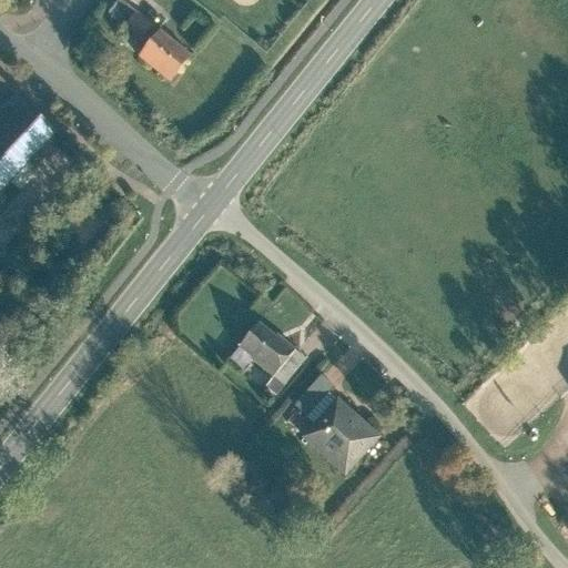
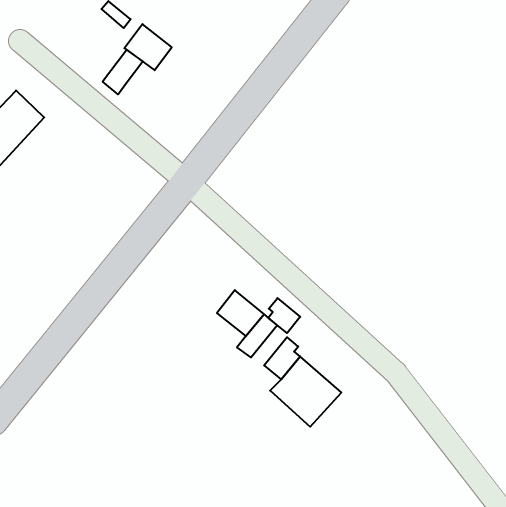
building: none -> [103,50,143,94]
building: none -> [268,298,300,333]

